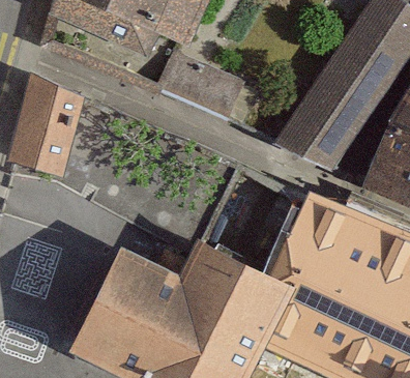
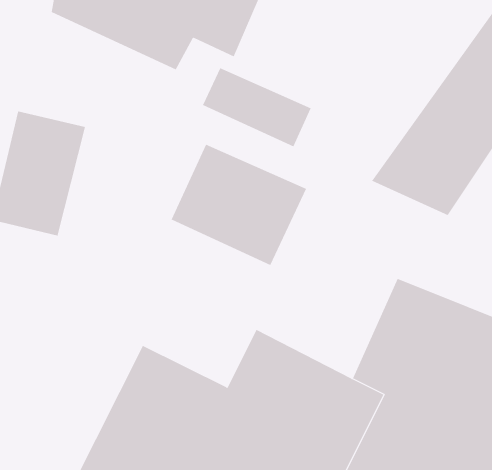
building: none -> [171,144,307,266]

